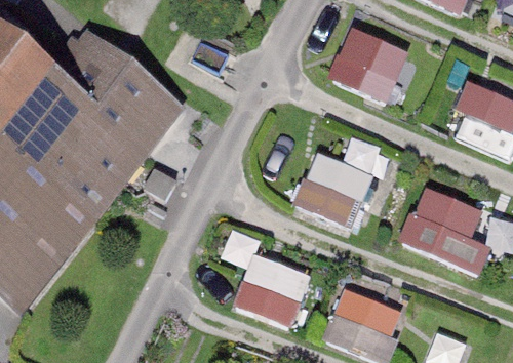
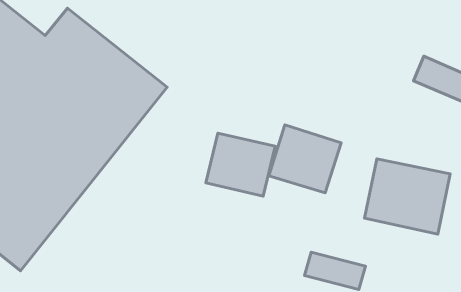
building: [330,28,411,103] -> none
building: [234,256,310,325] -> [206,133,275,196]

